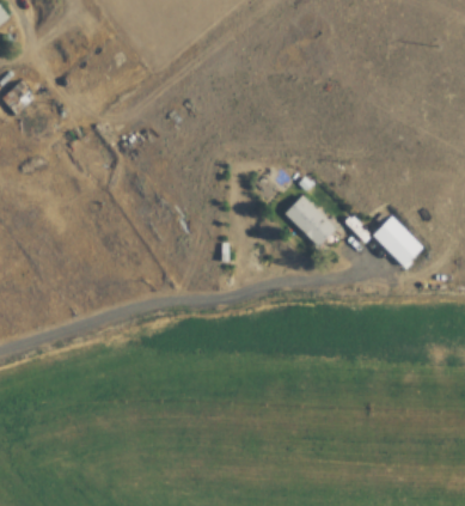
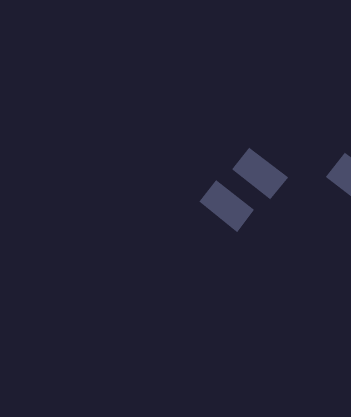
building: none -> [198,179,255,233]

